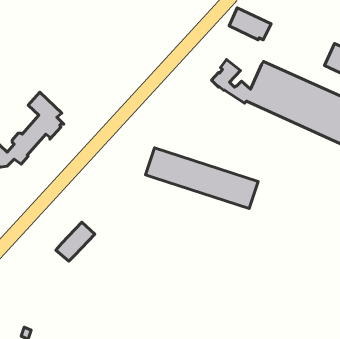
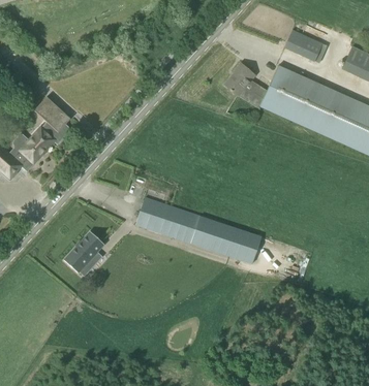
building: [229,8,271,40] -> [284,30,328,63]
building: [145,148,258,209] -> [136,197,253,260]

